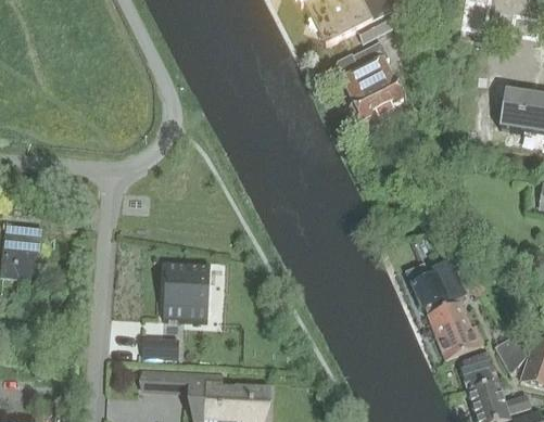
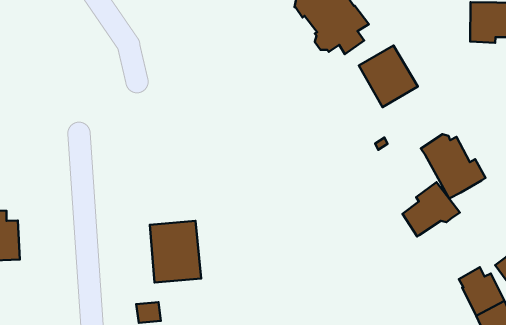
building: none -> [359,45,418,107]
building: [425,296,483,359] -> [421,134,486,199]

